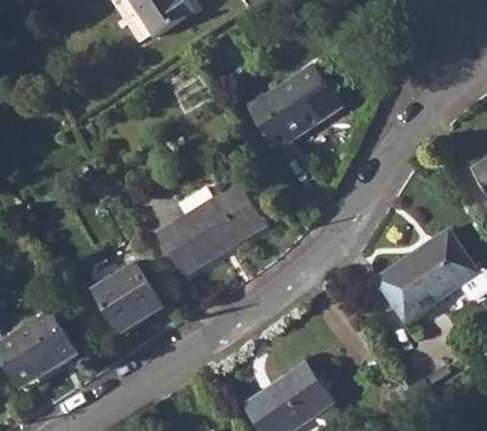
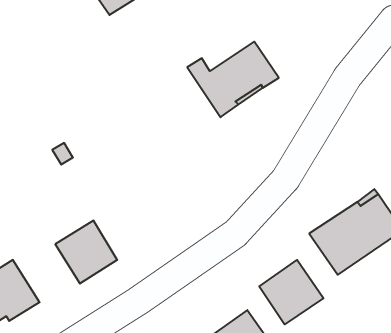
building: [157,182,264,274] -> none
building: none -> [259,260,323,324]

